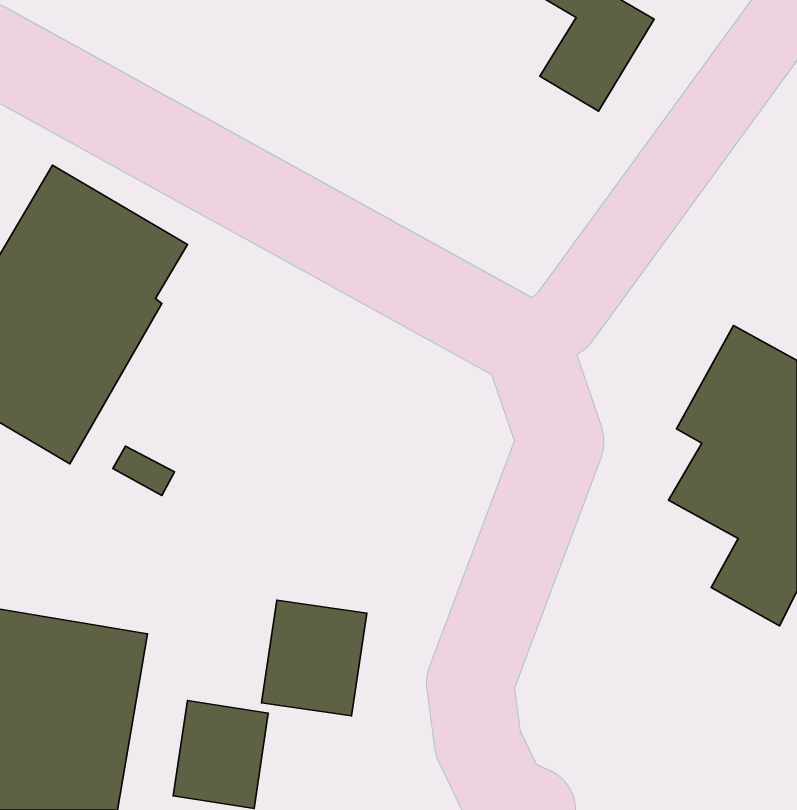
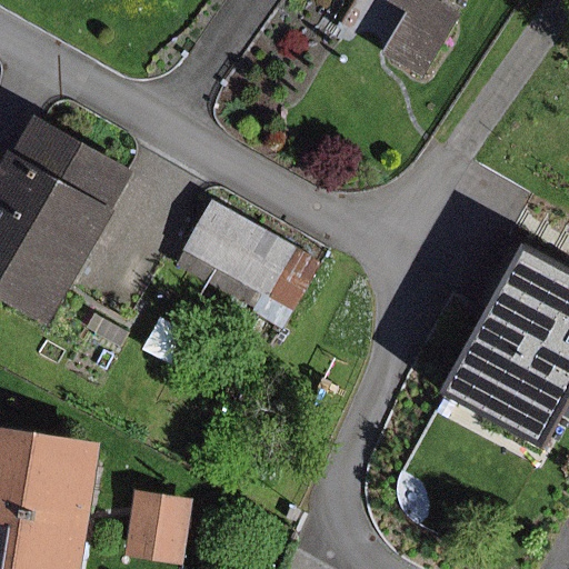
building: none -> [173,200,313,322]
building: [262,600,367,716] -> none

